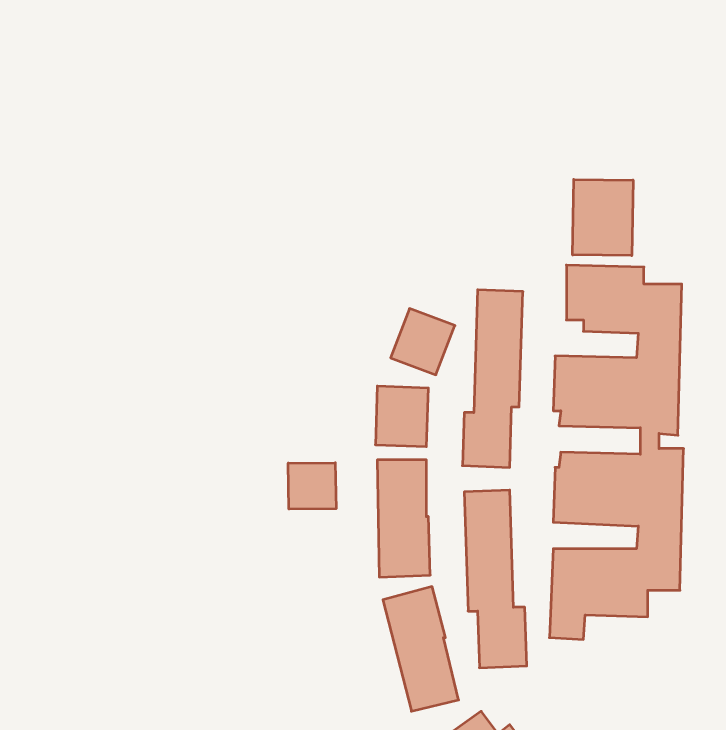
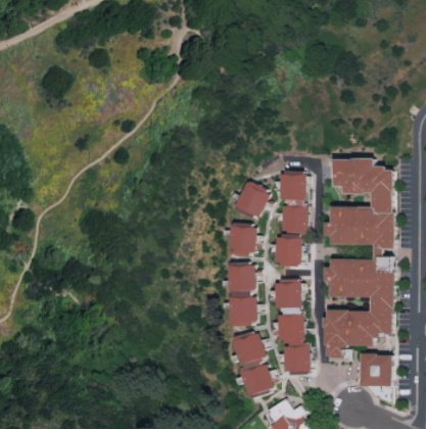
building: [573,179,633,256] -> none
building: [288,463,336,509] -> none
building: none -> [360,353,391,387]

